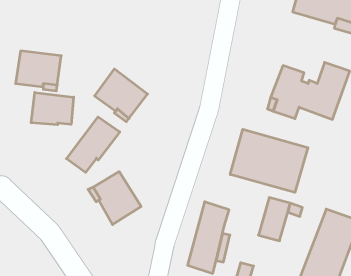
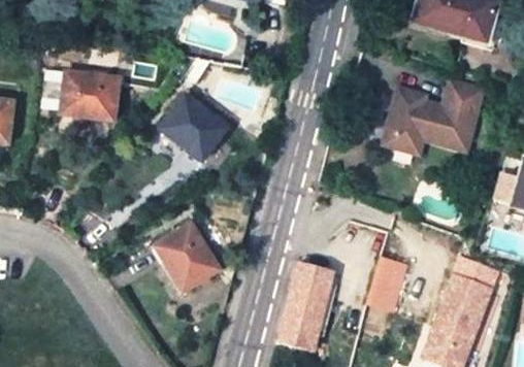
building: [31,92,74,125] -> none
building: [66,117,120,172] -> none
building: [230,129,308,192] -> none

